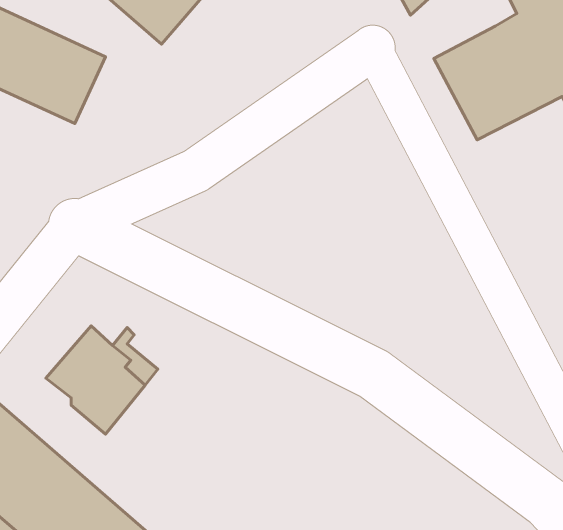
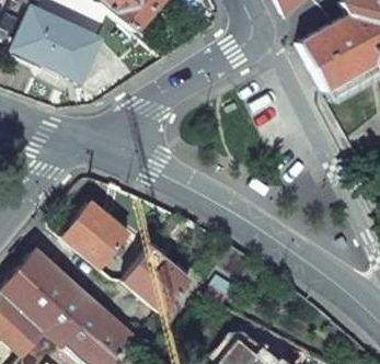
building: none -> [126,248,186,312]

